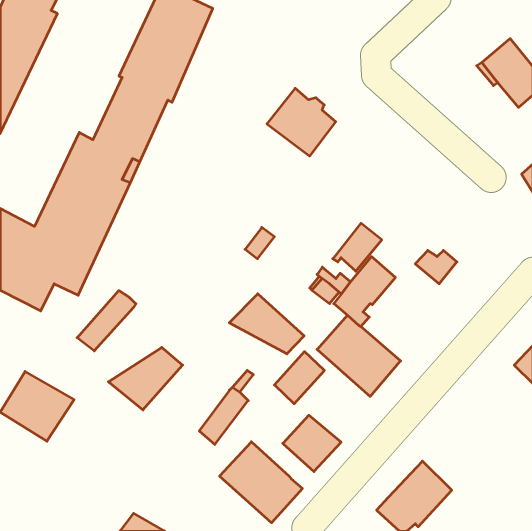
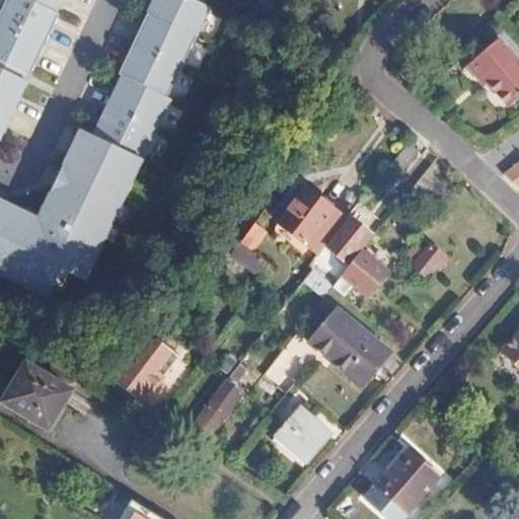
building: [267,88,336,156] -> [278,188,345,253]
building: [77,291,136,351] -> none
building: [229,294,304,354] -> none
building: [220,442,302,523] -> none

